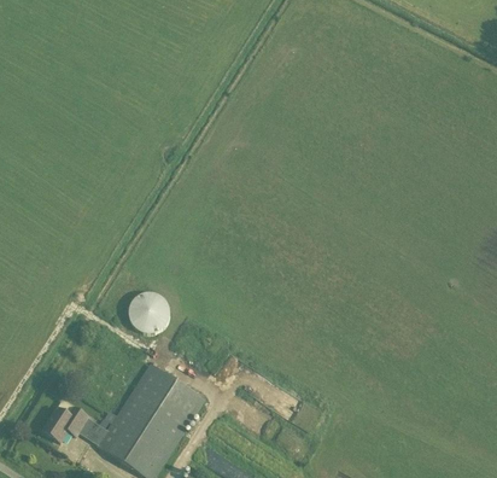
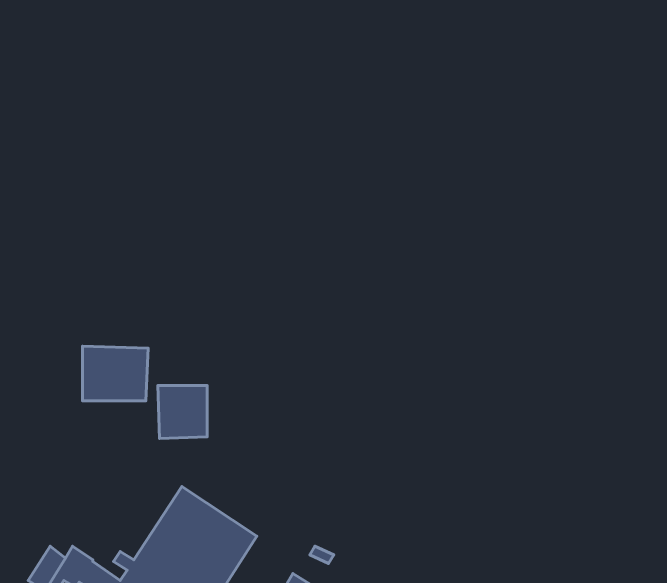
building: none -> [83,346,148,401]

